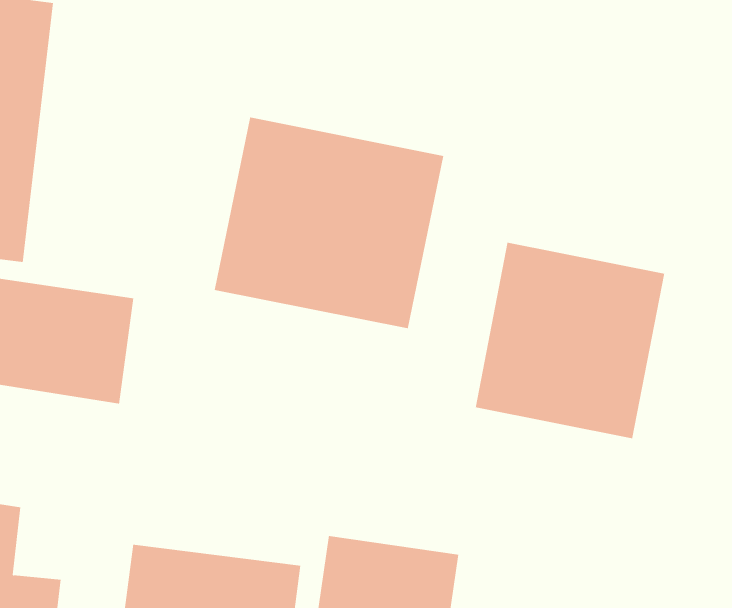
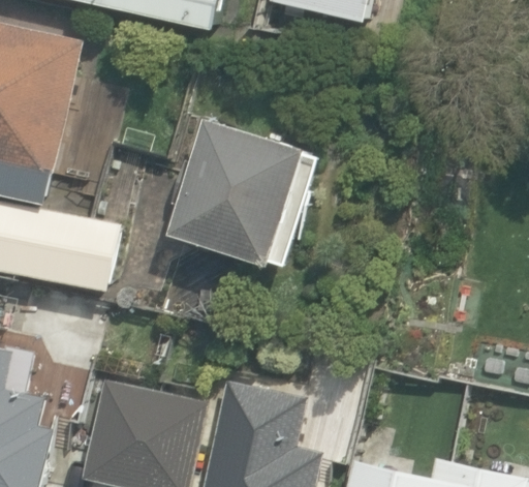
building: [475,242,665,439] -> none

